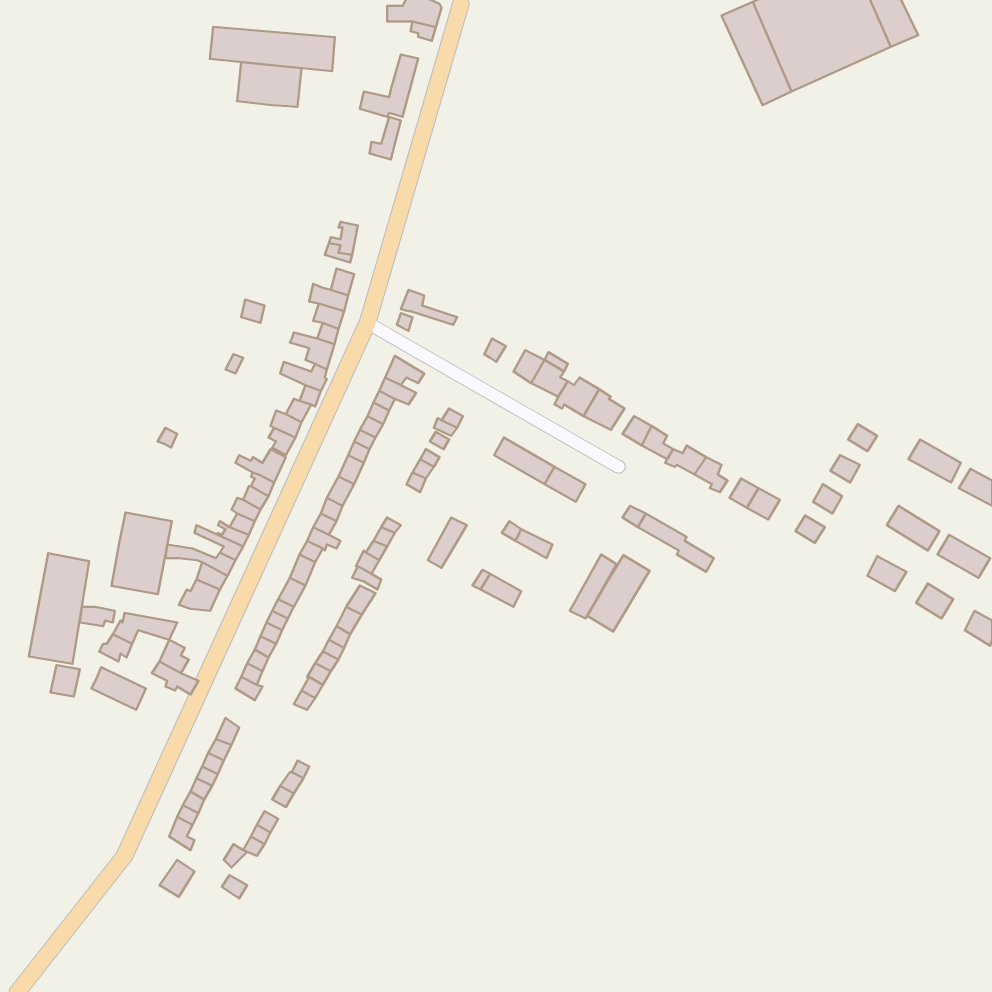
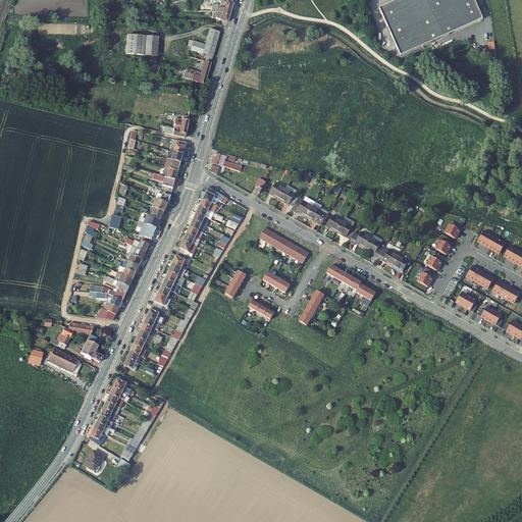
building: [210,27,335,71] -> none
building: [112,513,172,594] -> none
building: [29,553,89,664] -> none
building: [587,555,650,631] -> none

